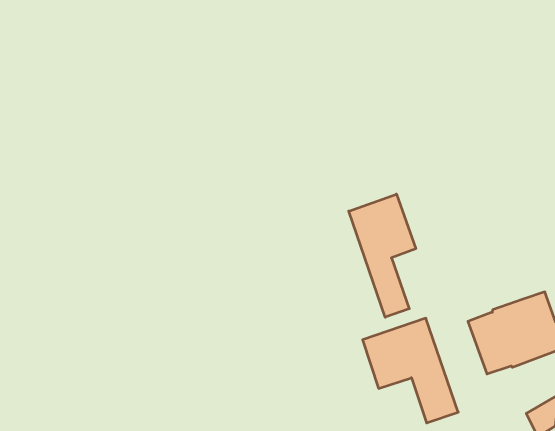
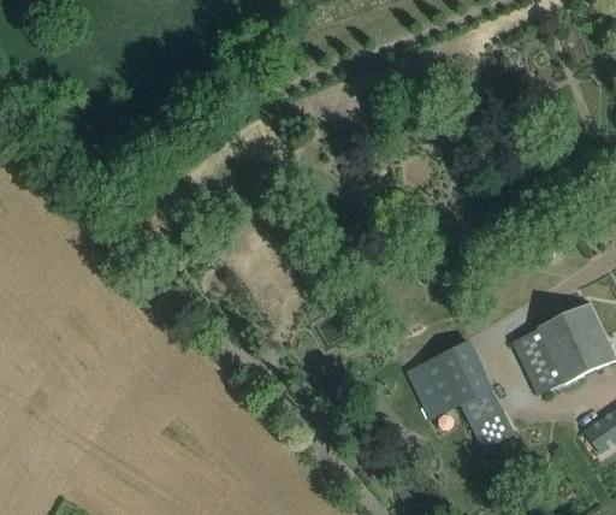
building: [349,194,416,317] -> none

